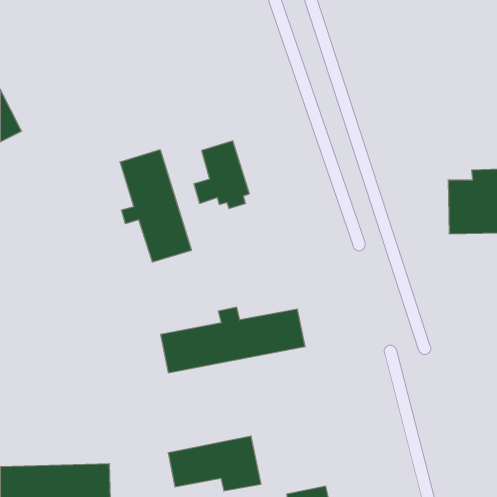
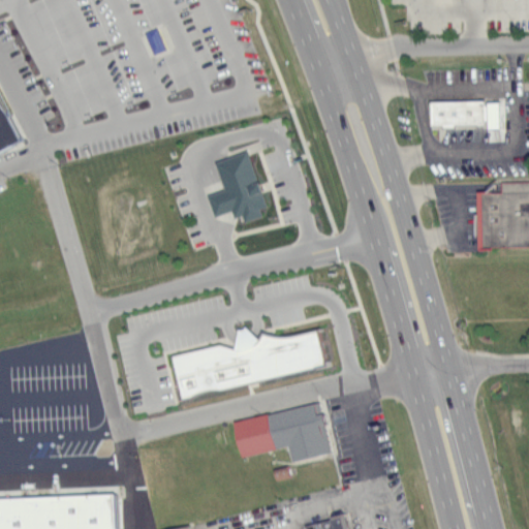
building: none -> [430,102,505,143]
building: [120,150,192,262] -> none
building: [168,436,261,491] -> [234,404,332,462]

